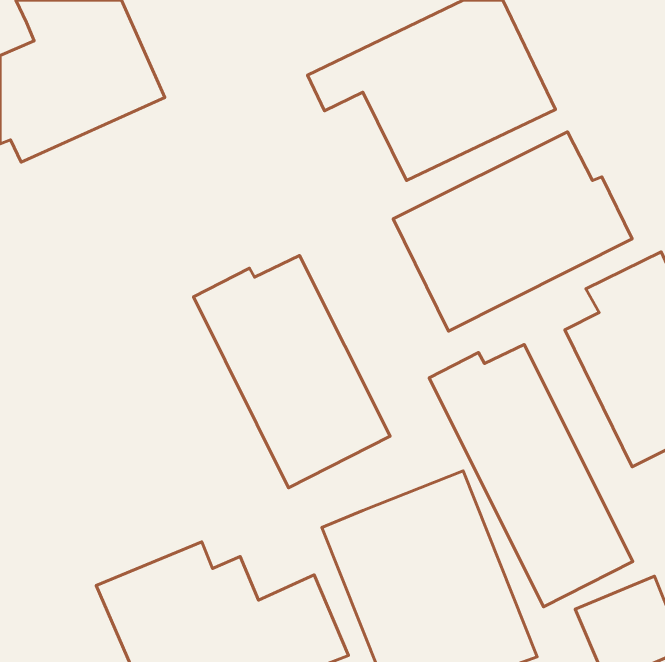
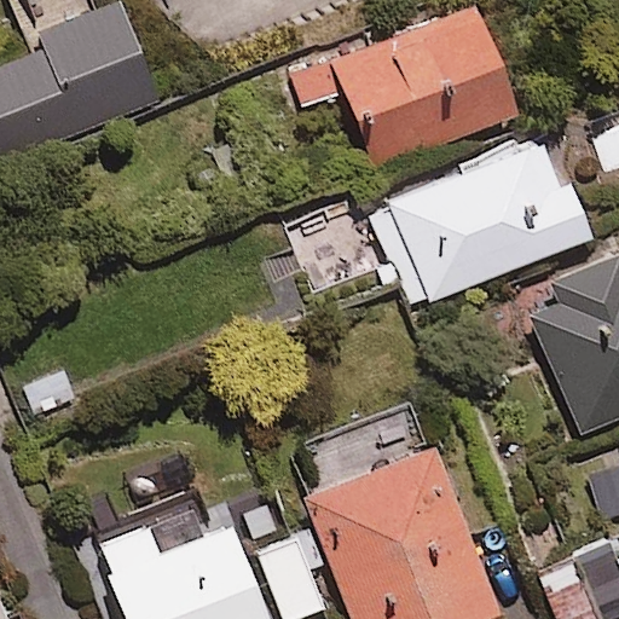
building: [193,255,390,488] -> none
building: [429,344,633,607] -> none

